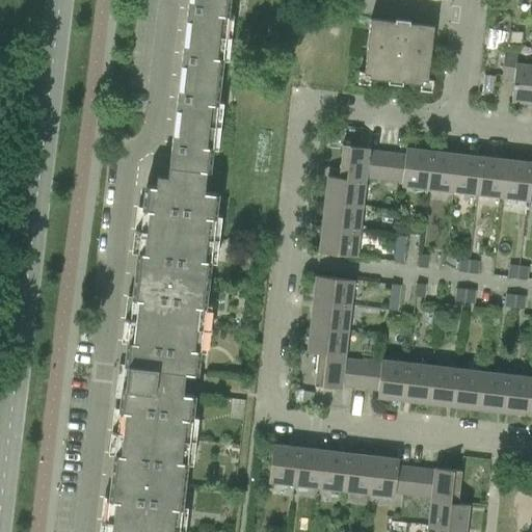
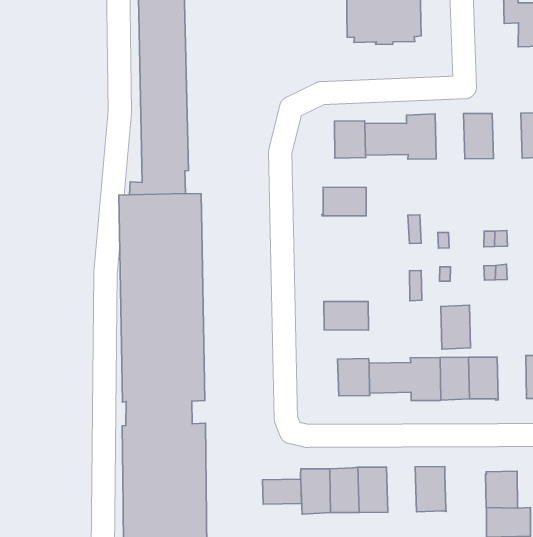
building: [428,150,457,192] -> none
building: [478,156,507,198] -> none
building: [326,176,367,206] -> none
building: [320,225,361,256] -> none
building: [314,275,354,305] -> none
building: [309,325,349,355] -> none
building: [454,369,483,408] -> [441,305,470,349]
building: none -> [262,479,302,504]
building: [345,452,374,495] -> none
building: [396,466,434,500] -> none

